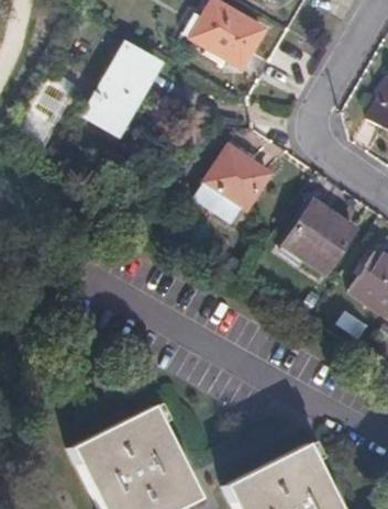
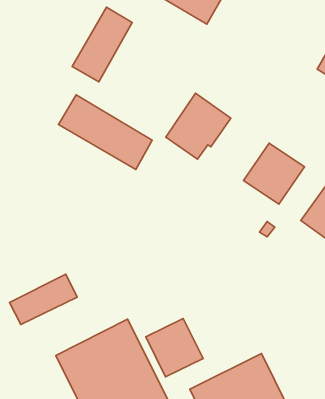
building: none -> [59,95,152,169]
building: none -> [10,274,77,325]
building: none -> [146,319,203,377]

